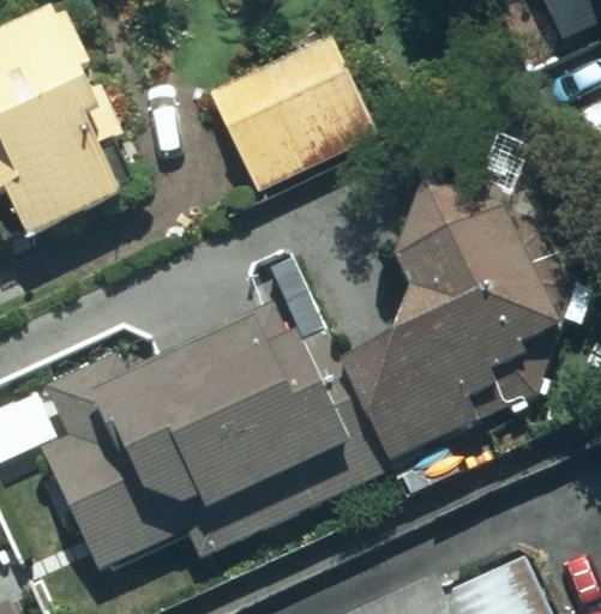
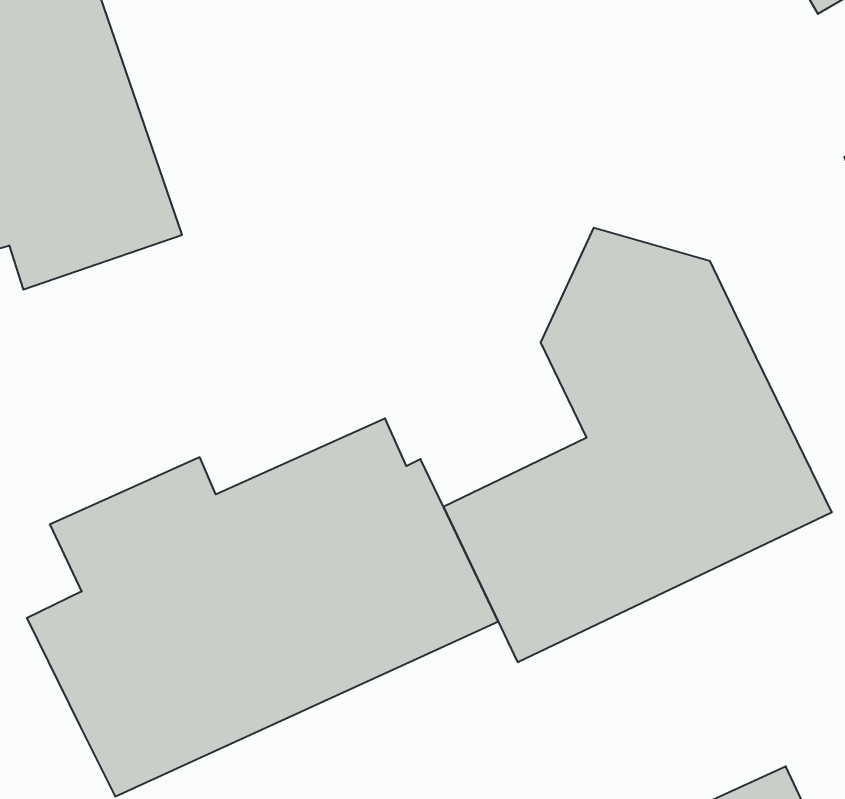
building: [211,38,371,186] -> none

